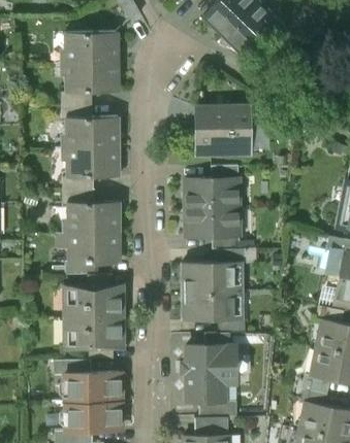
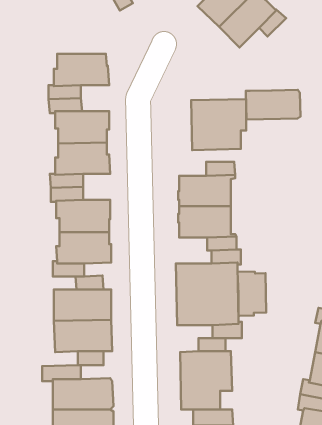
building: [65,32,118,62] -> none
building: none -> [246,90,300,119]
building: none -> [238,272,266,316]

